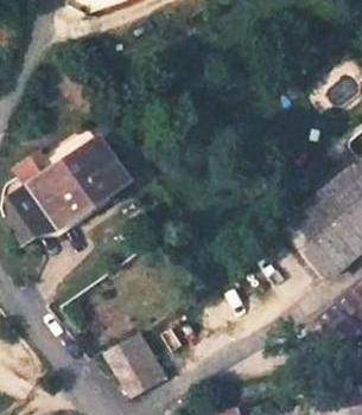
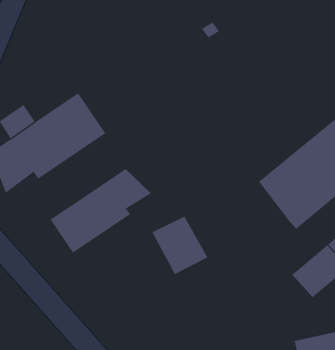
building: none -> [50,168,152,254]
building: [107,333,165,394] -> [151,216,208,275]

